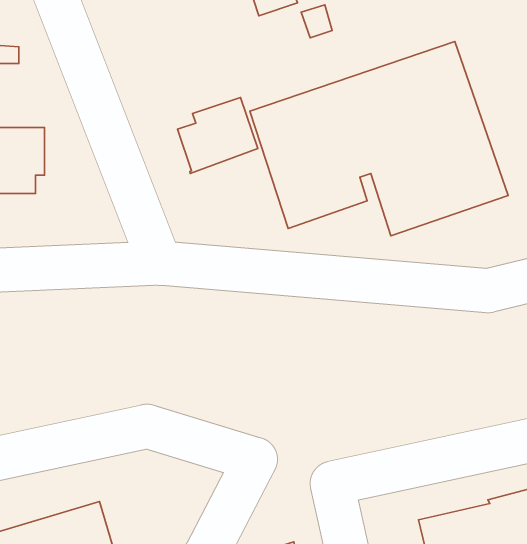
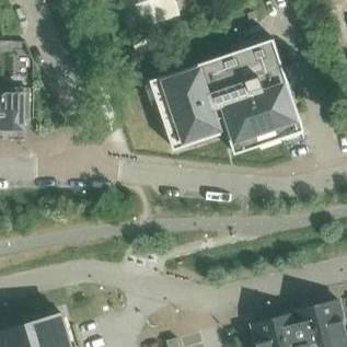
building: [177,97,258,173] -> none

